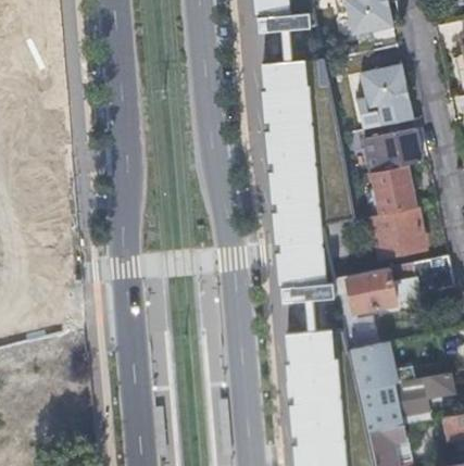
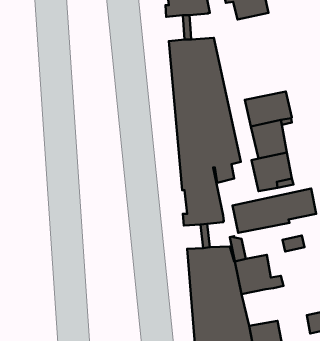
building: [353,63,410,129] -> none
building: [355,371,451,431] -> none

